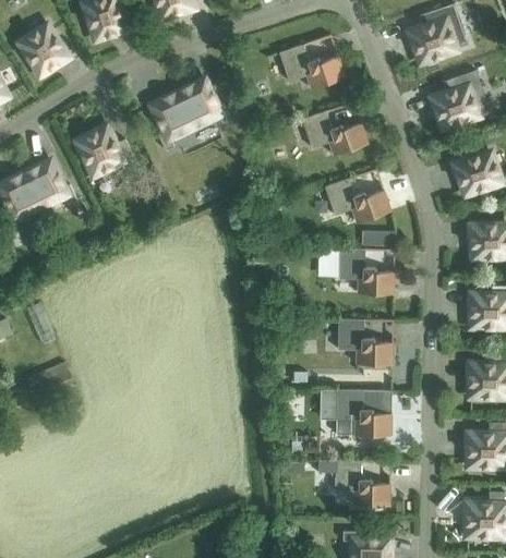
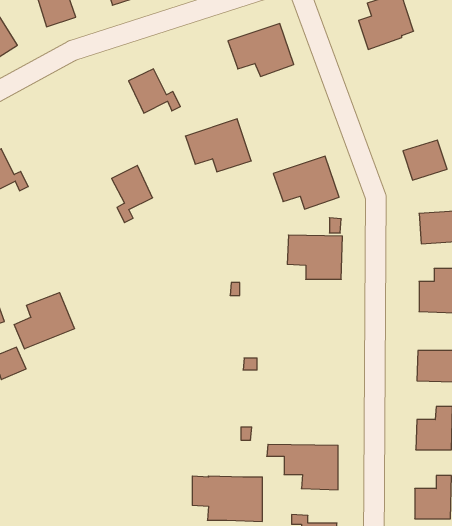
building: [431,70,486,128] -> none
building: [149,93,191,150] -> [112,165,153,223]
building: [299,101,365,155] -> [185,119,251,172]
building: [75,128,134,173] -> none
building: none -> [14,293,74,349]
building: [335,319,390,364] -> none
building: [317,389,388,435] -> [192,476,262,521]

